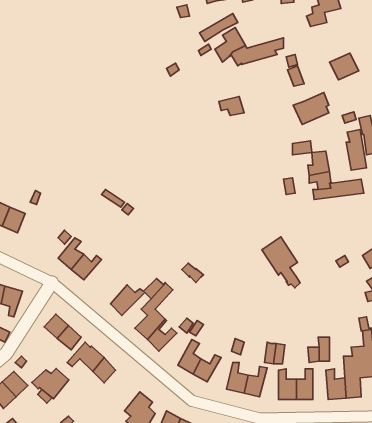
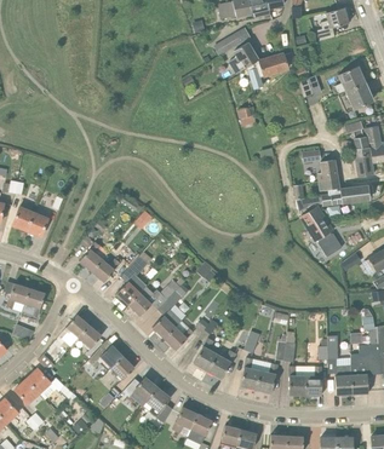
building: [293,93,329,124] -> [337,82,371,113]
building: [262,237,300,288] -> [299,206,336,254]
building: none -> [118,255,148,304]
building: [32,368,69,399] -> [122,376,157,405]

